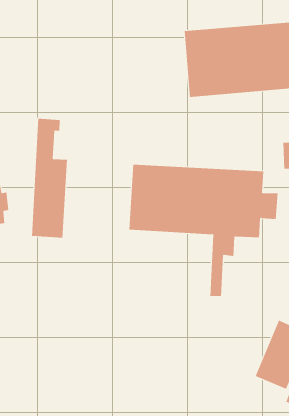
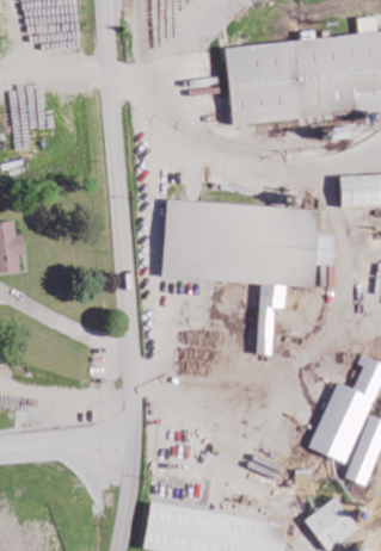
building: [31,118,68,238] -> none

